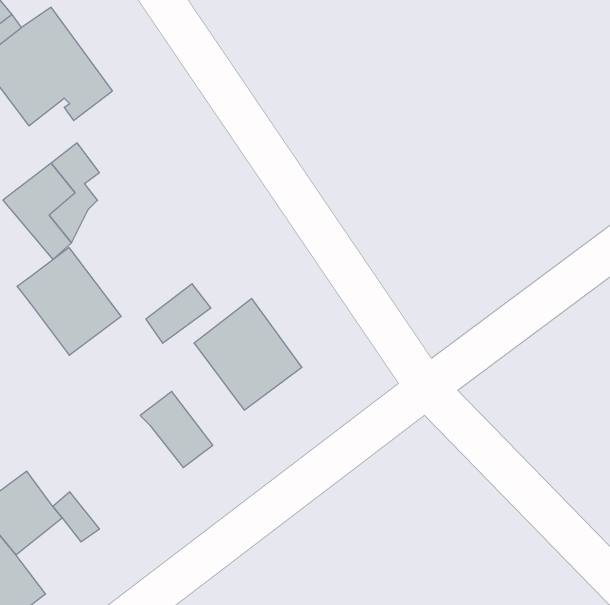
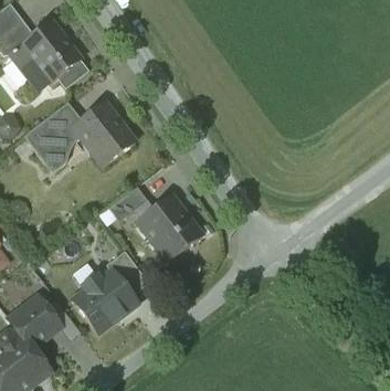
building: [17,248,121,355] -> [73,103,135,167]
building: none -> [73,270,138,332]

